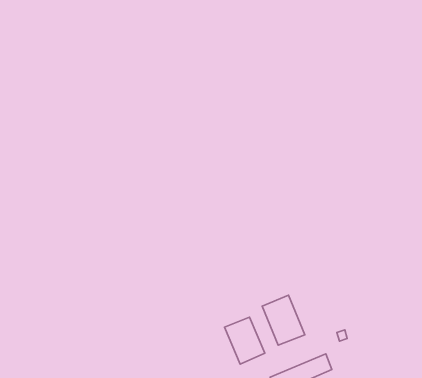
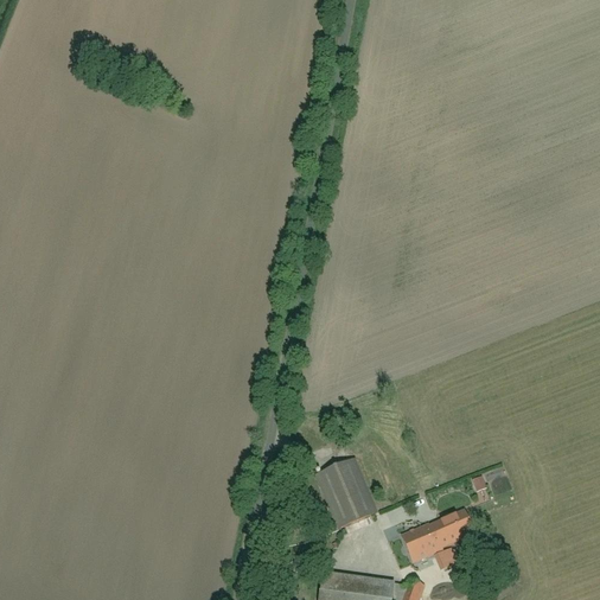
building: [262,295,305,345] -> none

